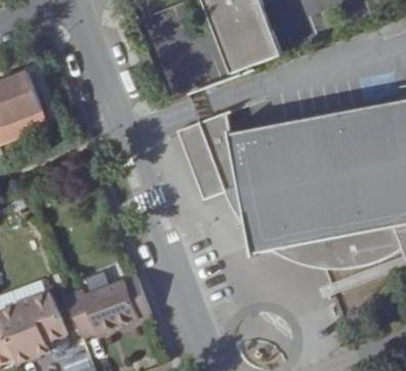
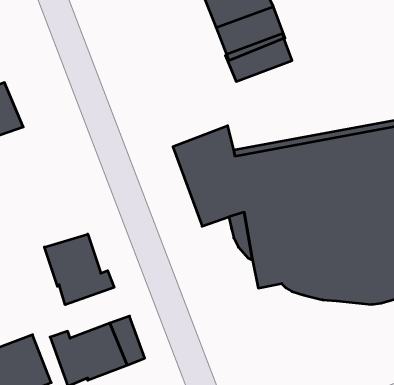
building: none -> [44,234,114,305]

